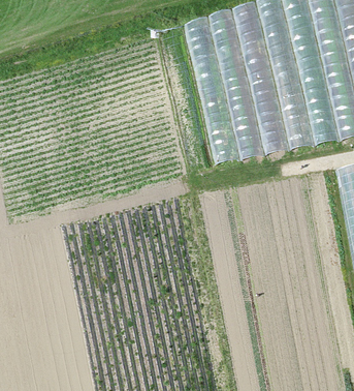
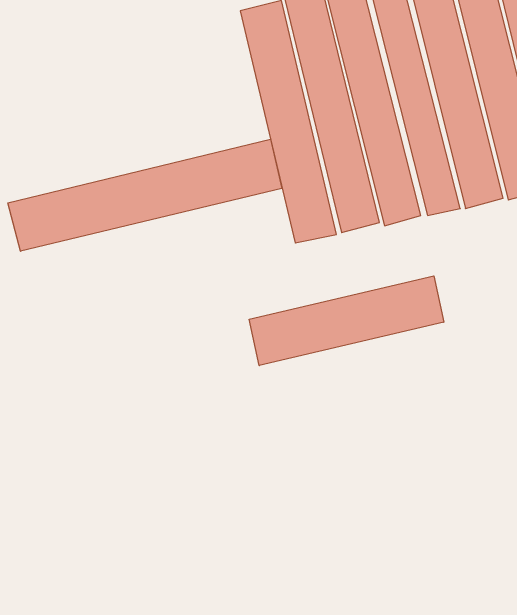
building: none -> [8,139,282,251]
building: none -> [249,276,444,366]

